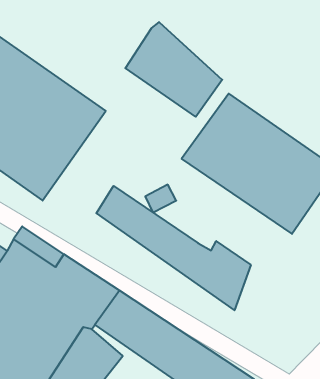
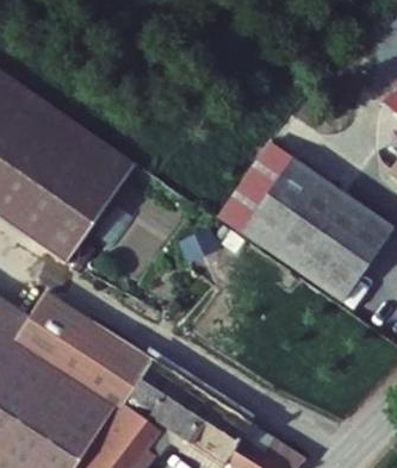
building: [125,22,222,117] -> none
building: [96,186,251,310] -> none

